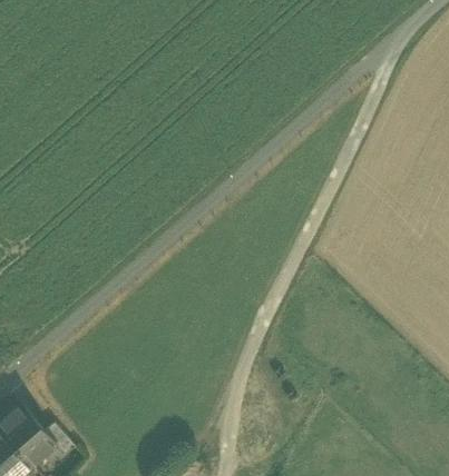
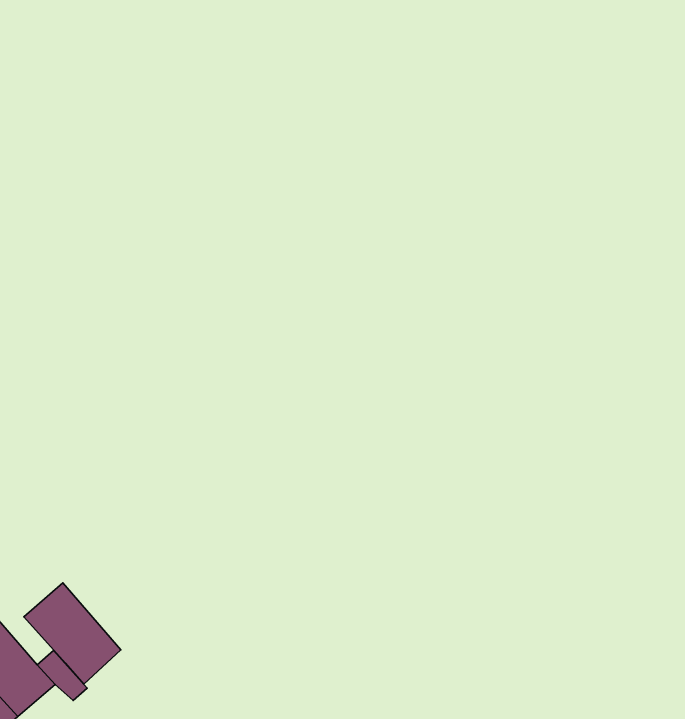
building: none -> [24,583,121,684]

